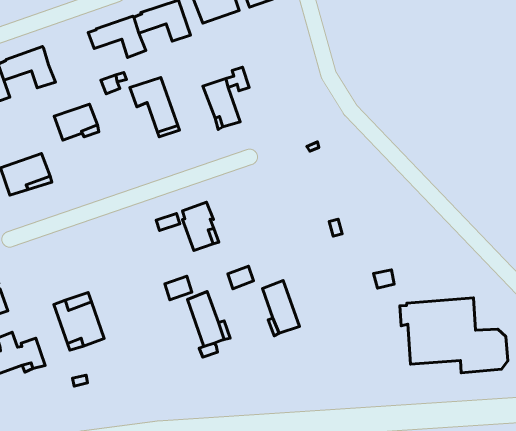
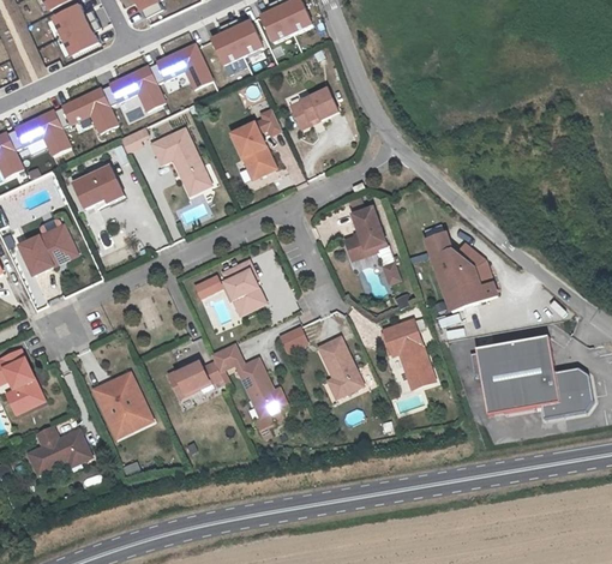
building: none -> [53,88,116,133]
building: none -> [290,90,337,130]
building: none -> [344,208,386,260]
building: none -> [426,233,498,311]
building: none -> [383,319,434,388]
building: none -> [167,359,221,397]

